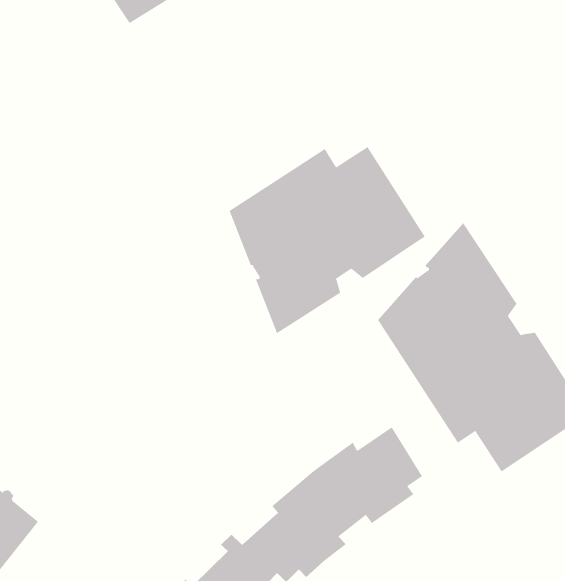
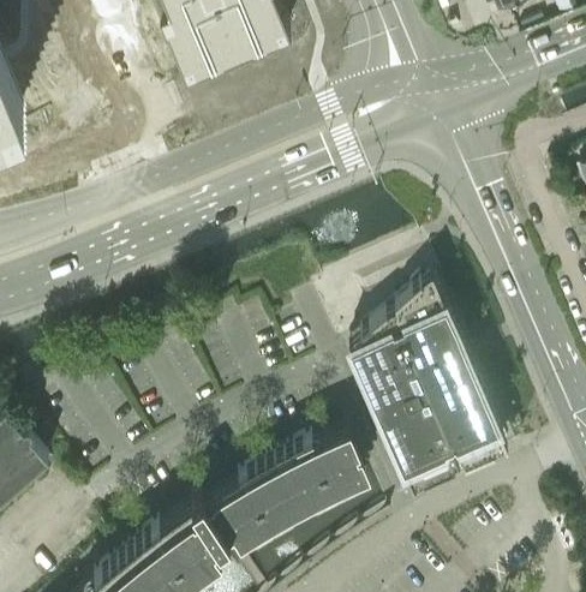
building: [229,146,426,334] -> none

